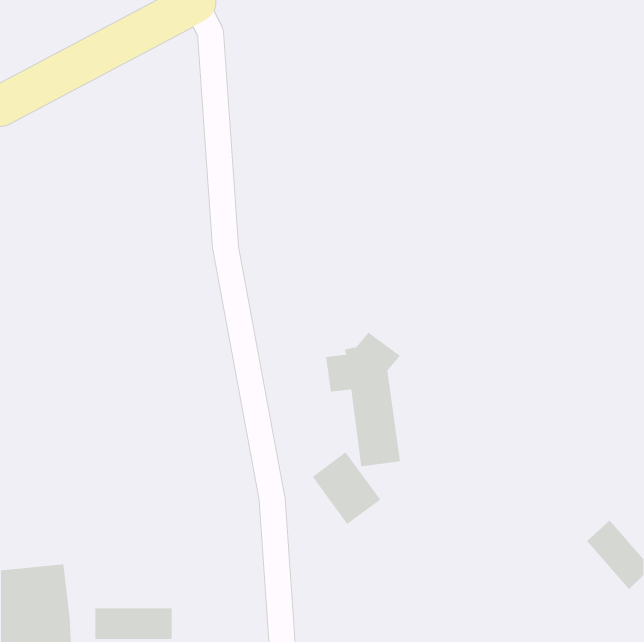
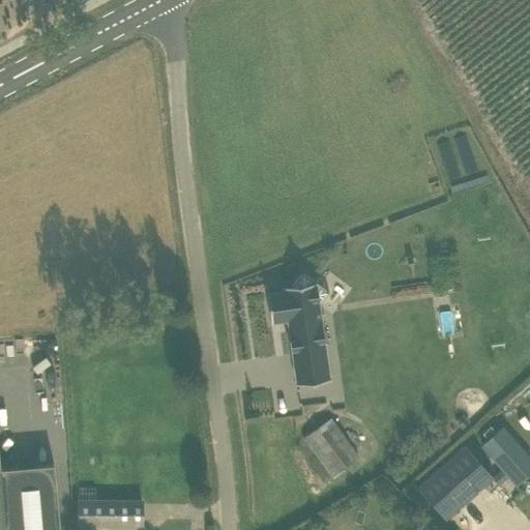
building: [312,452,381,525] -> [302,419,359,479]
building: none -> [417,446,493,521]

